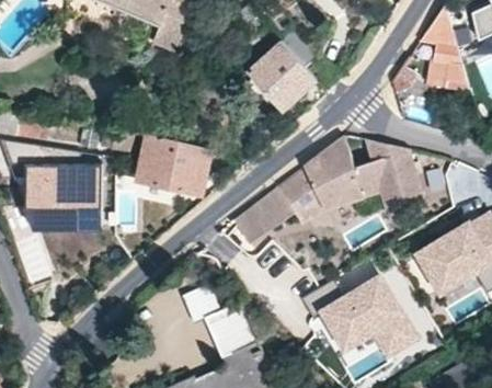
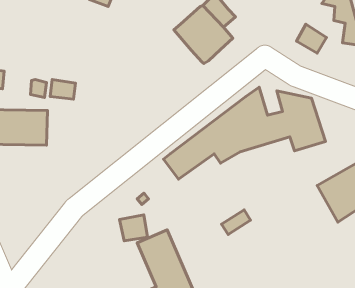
building: [137,134,210,193] -> none
building: [320,273,421,360] -> none

